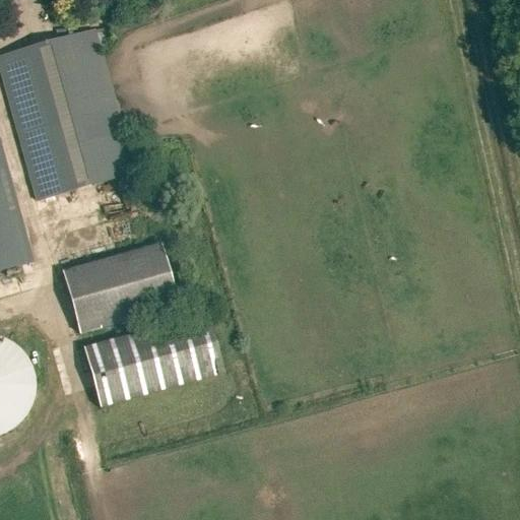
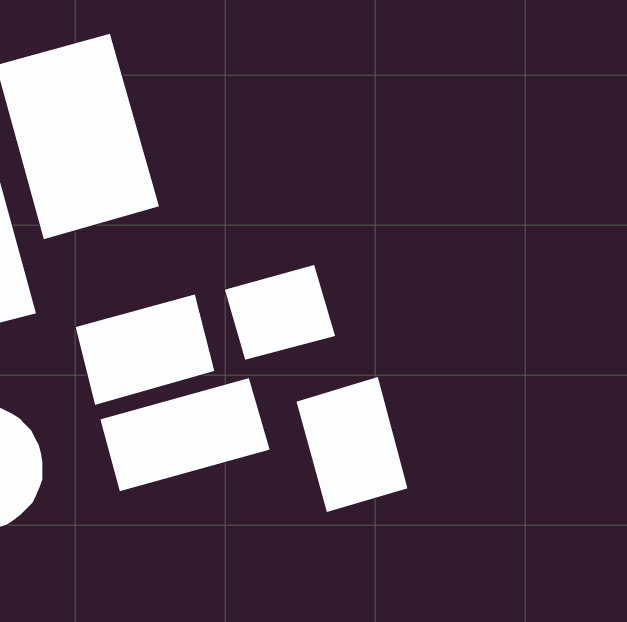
building: none -> [224,264,336,360]
building: none -> [296,376,408,513]

